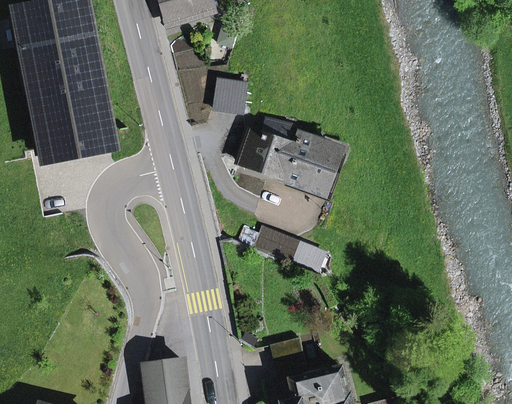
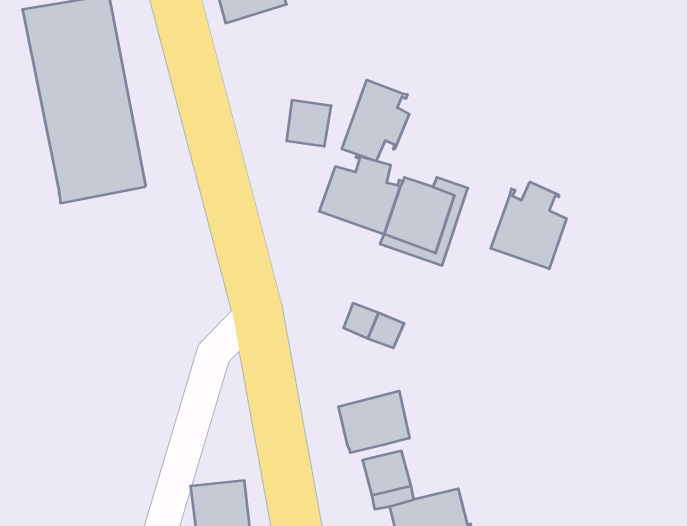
building: none -> [342,80,409,161]
building: none -> [491,182,566,269]
building: none -> [338,391,409,453]

